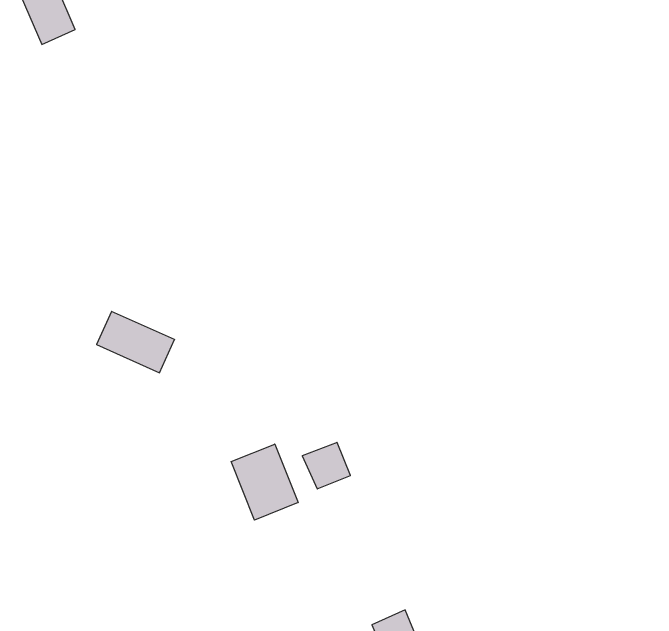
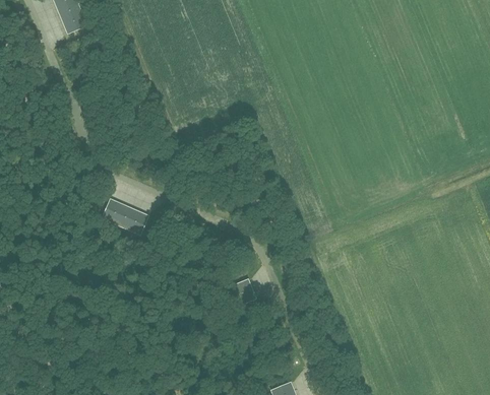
building: [231,444,298,520] -> none

